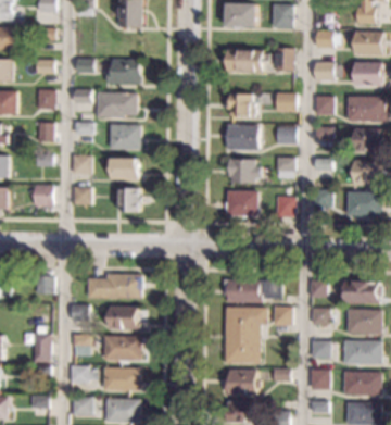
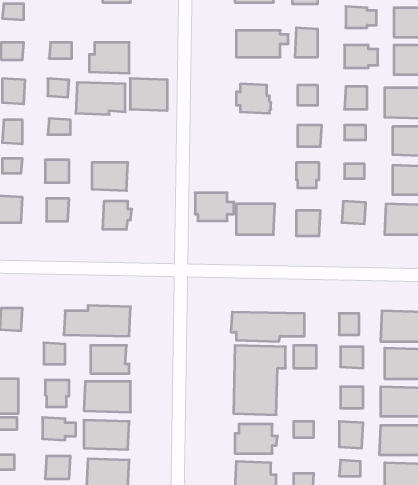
building: [110,124,140,150] -> [130,78,167,111]
building: [227,125,260,151] -> none
building: [229,160,261,183] -> [195,193,234,221]

